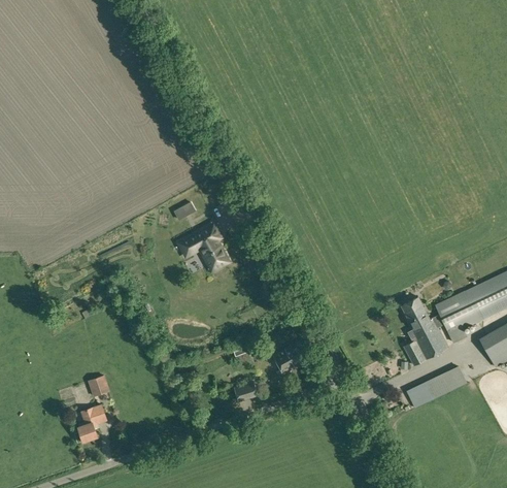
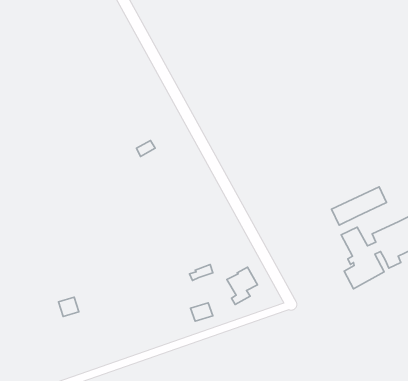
building: [179,224,226,266] -> none
building: [406,365,467,408] -> [332,187,387,225]
building: [74,403,108,443] -> none

